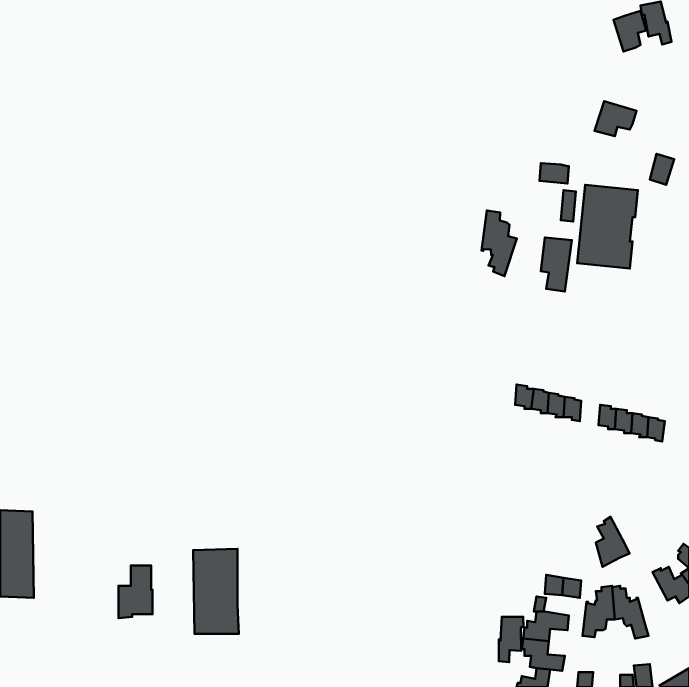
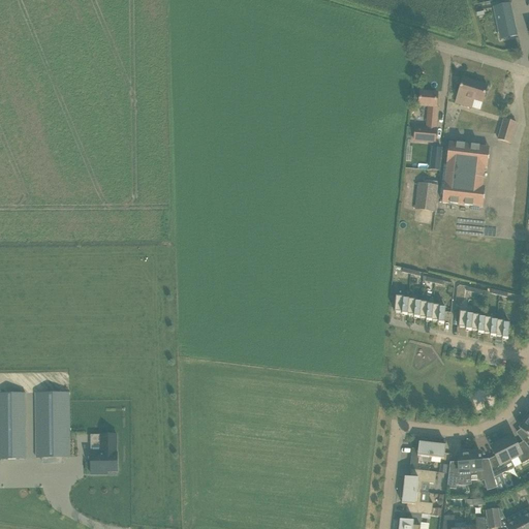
building: [614,11,646,51] -> none
building: none -> [418,90,437,127]
building: [482,211,517,276] -> none
building: [596,517,630,567] -> [489,438,515,476]
building: [193,549,239,634] -> [35,391,70,456]
building: [499,617,524,662] -> none

